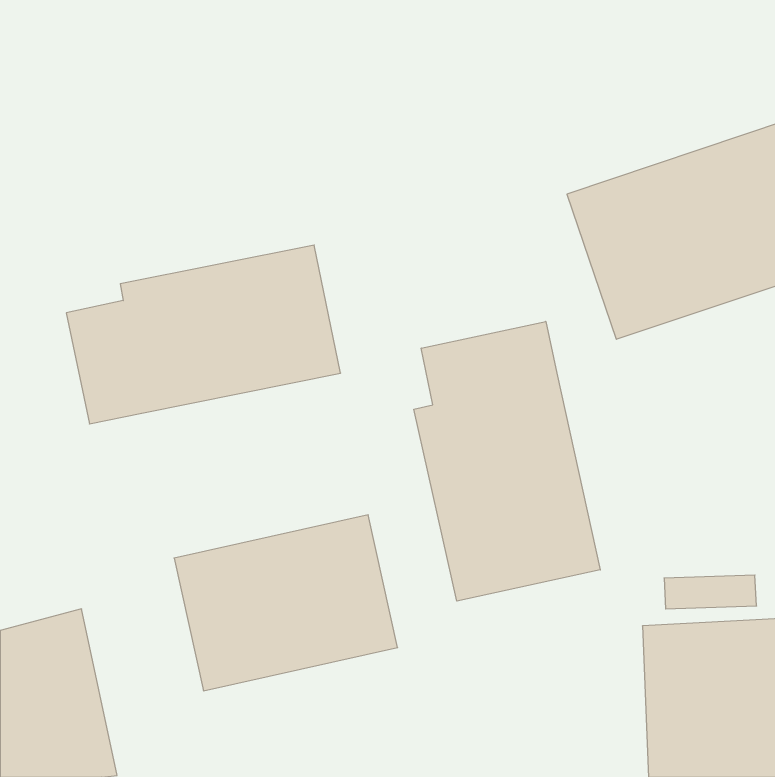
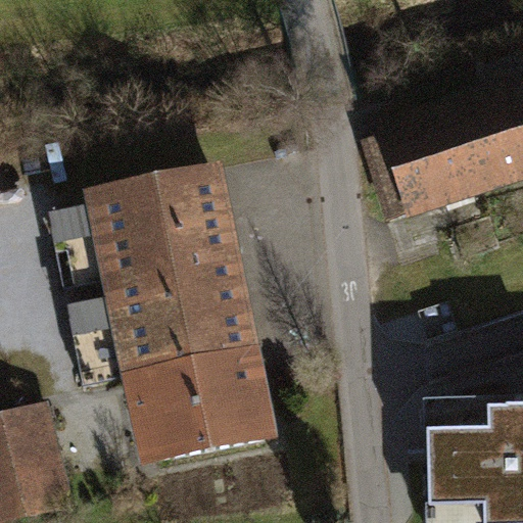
building: [414,321,600,601] -> none
building: none -> [66,247,252,379]

